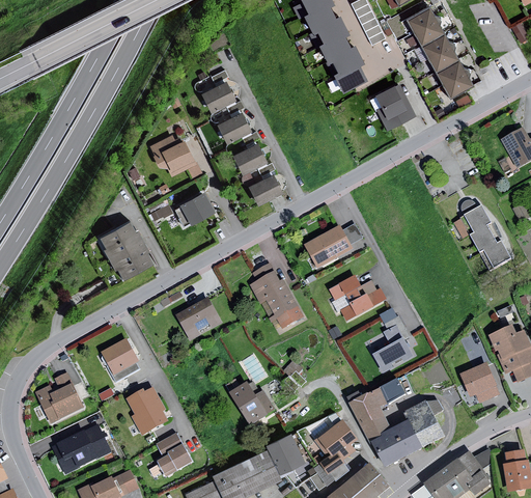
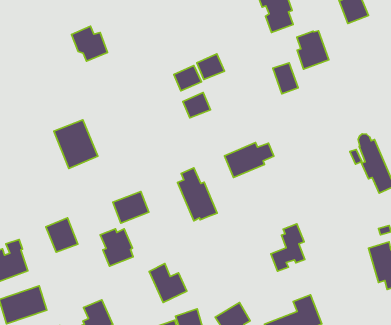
building: [434,58,471,96] -> none
building: [201,79,235,111] -> none
building: [216,109,250,141] -> [197,54,225,79]
building: none -> [273,63,298,94]
building: [150,133,196,175] -> [71,26,107,61]
building: [171,190,215,228] -> none
building: [329,276,388,323] -> none
building: [459,363,500,404] -> none
building: [352,378,404,436] -> none
building: [125,389,168,436] -> [100,229,133,266]

